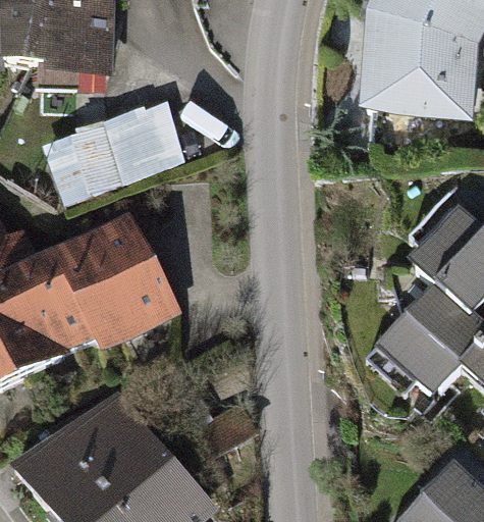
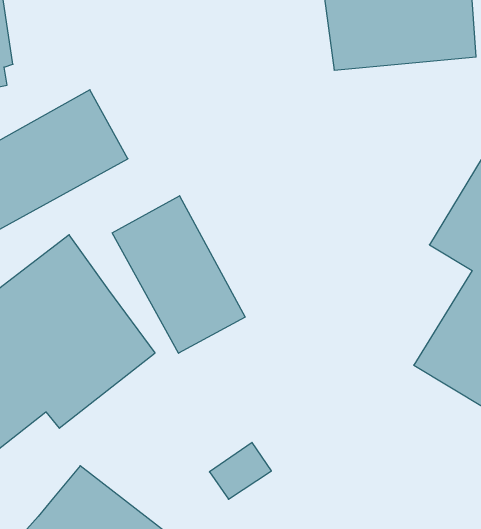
building: none -> [112,196,245,353]

